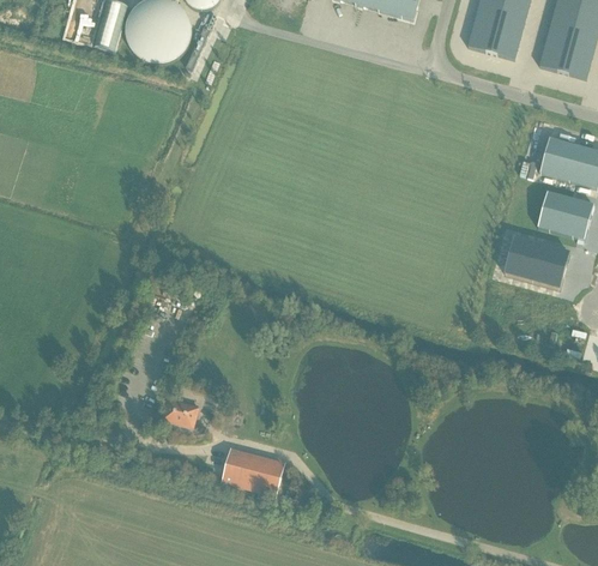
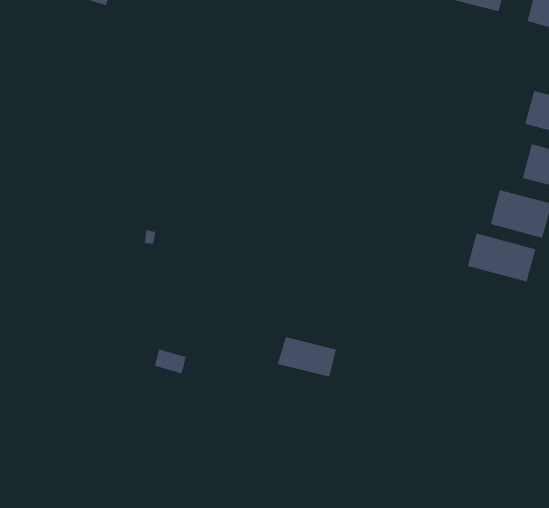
building: none -> [467,233,536,283]
building: [221,450,282,492] -> [277,336,337,378]

